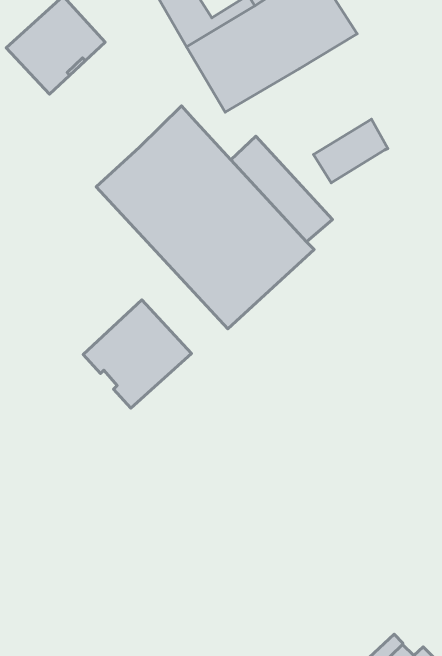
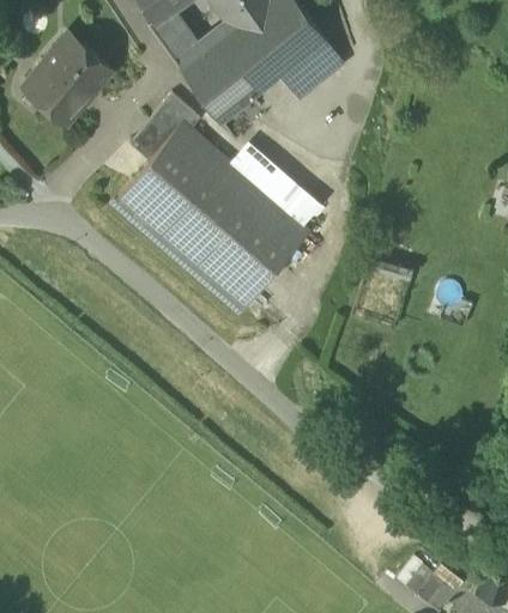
building: none -> [128,93,200,159]
building: [314,119,388,183] -> [279,41,343,99]
building: [83,300,191,408] -> none

